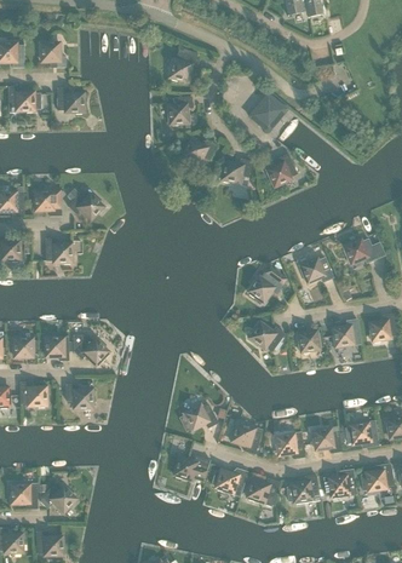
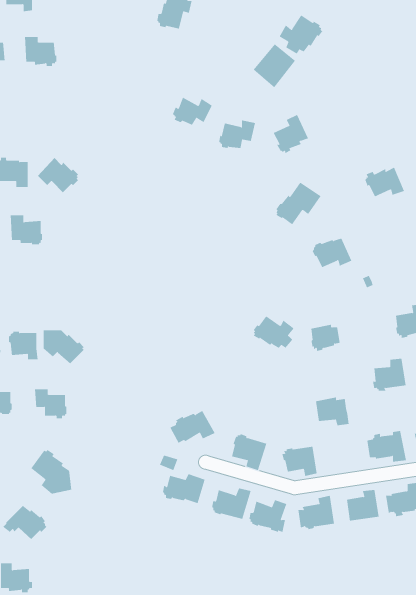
building: none -> [279,14,323,54]
building: [167,97,193,126] -> none
building: [343,239,377,264] -> [364,167,405,197]
building: [248,266,287,303] -> [275,182,321,225]
building: [332,320,361,347] -> [372,358,407,391]
building: [312,429,341,453] -> [315,397,350,426]
building: none -> [30,449,72,494]

